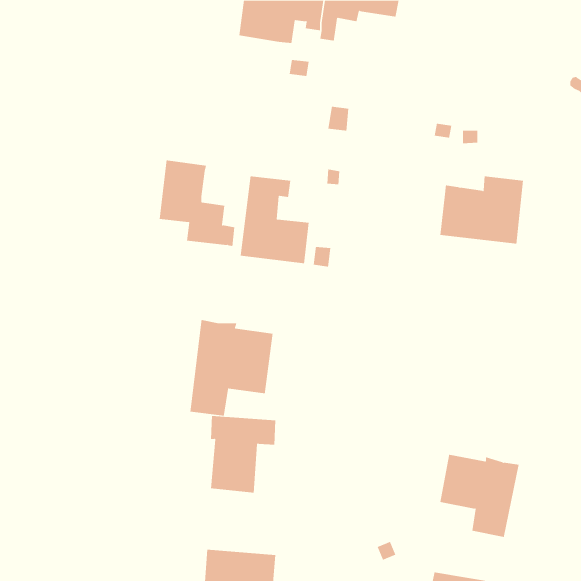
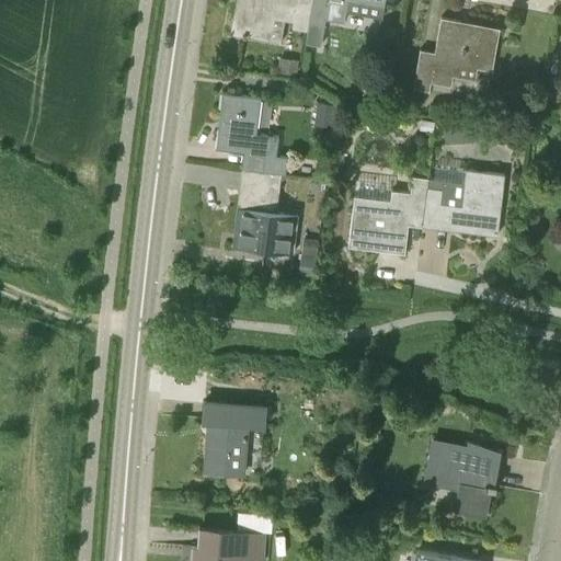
building: none -> [413,19,501,93]
building: [159,160,235,247] -> [216,93,289,176]
building: none -> [348,178,430,255]
building: [190,319,273,416] -> none

